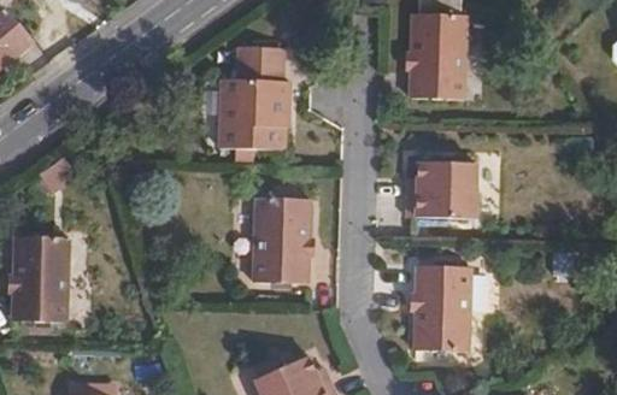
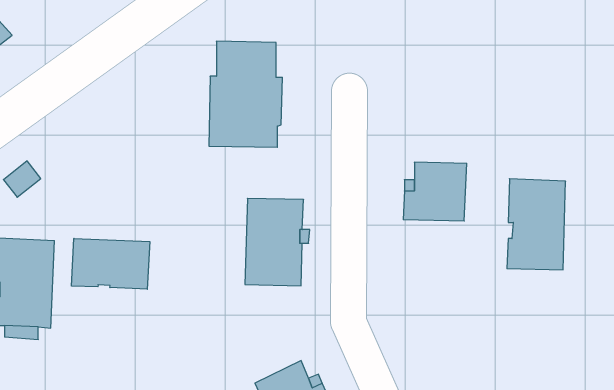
building: [412,13,468,99] -> none
building: none -> [72,238,150,289]
building: [415,265,471,353] -> [507,179,566,270]

